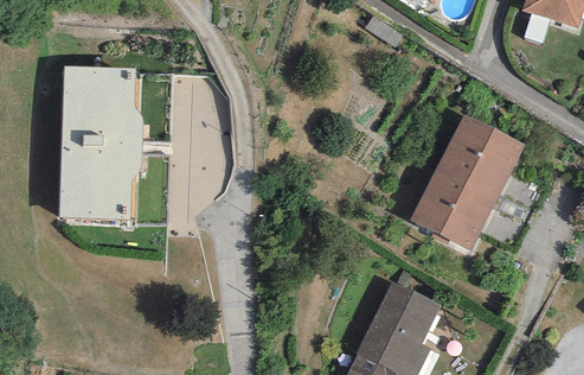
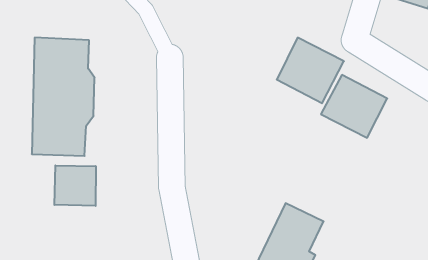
building: [410,165,498,250] -> [277,38,344,103]
building: none -> [54,165,96,206]

